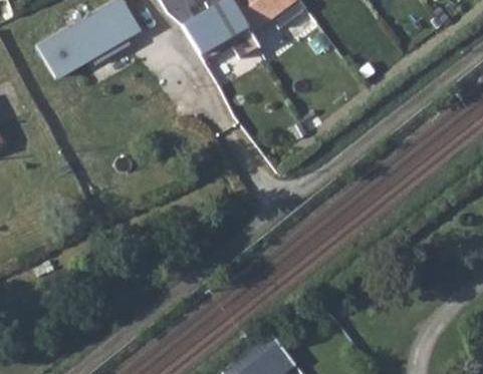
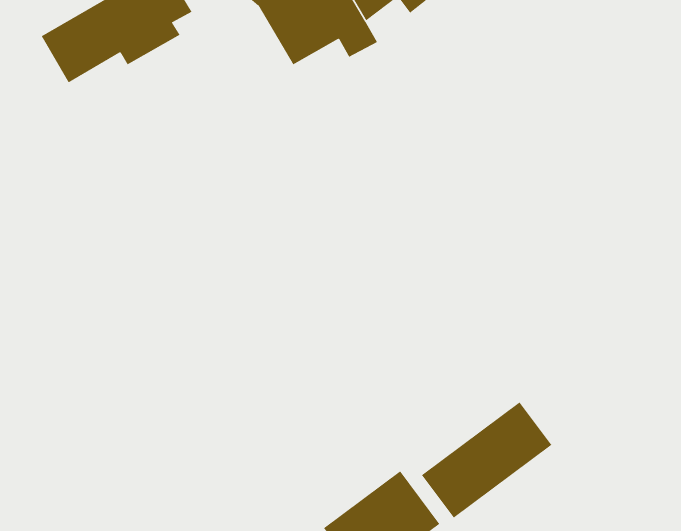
building: none -> [421,401,552,519]

